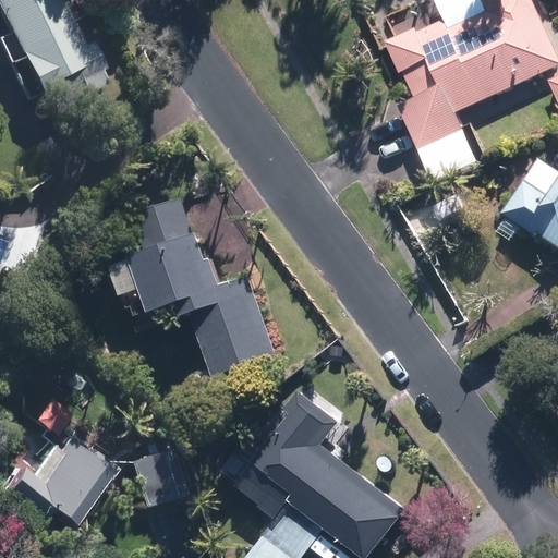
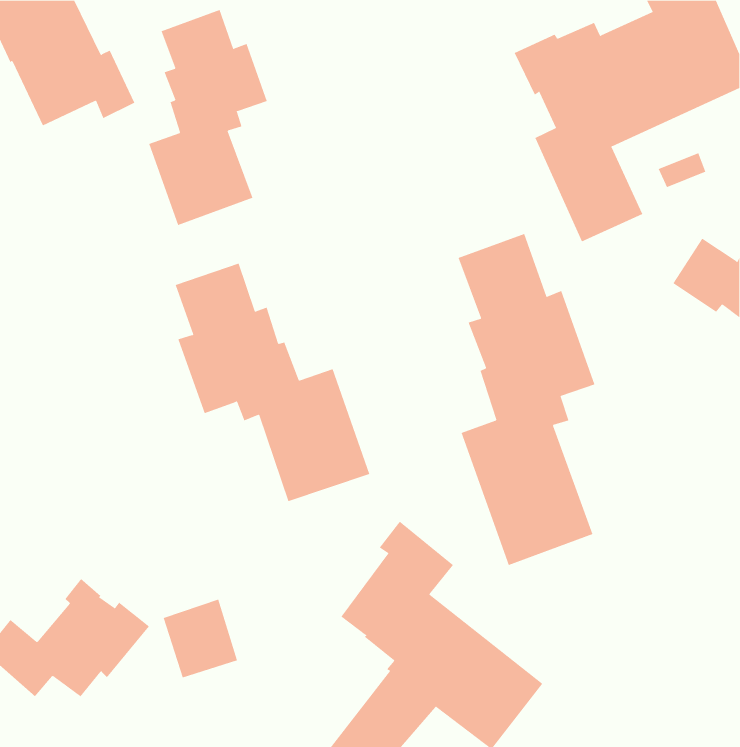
building: none -> [148,9,267,226]
building: none -> [458,233,595,566]

